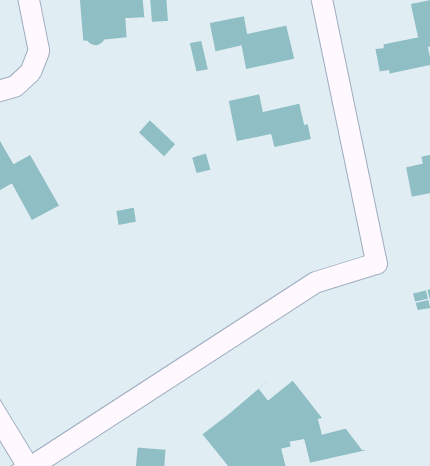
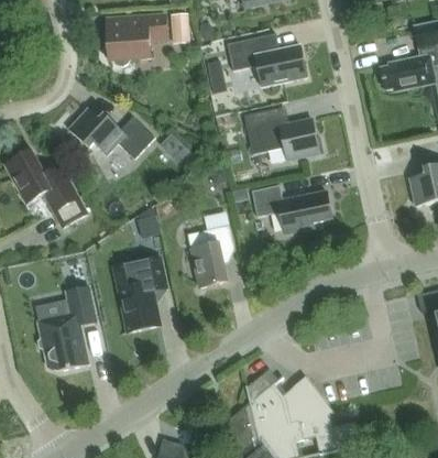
building: none -> [68,107,154,157]
building: none -> [251,184,331,232]
building: none -> [188,223,234,286]
building: none -> [113,257,165,330]
building: none -> [37,285,97,370]

